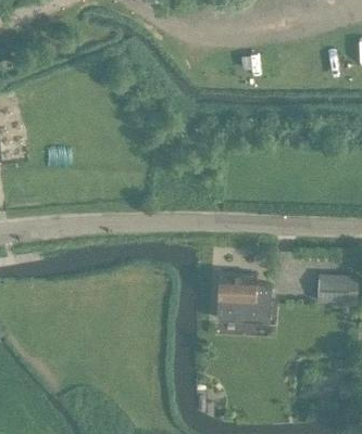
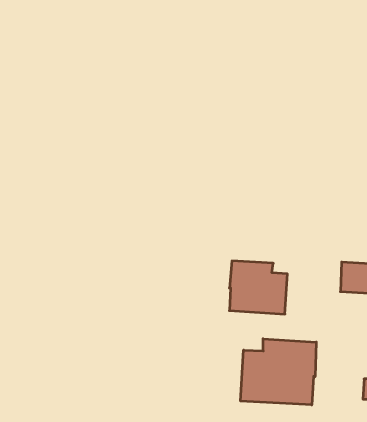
building: none -> [241,339,316,405]

